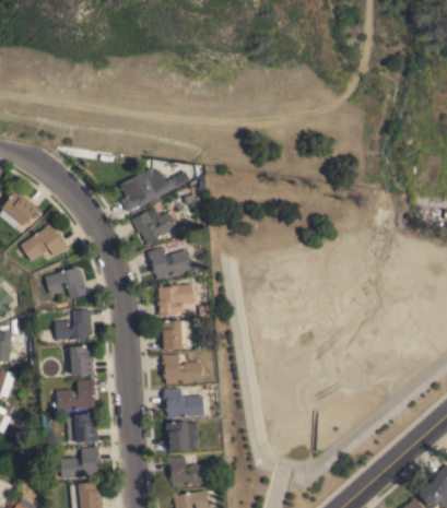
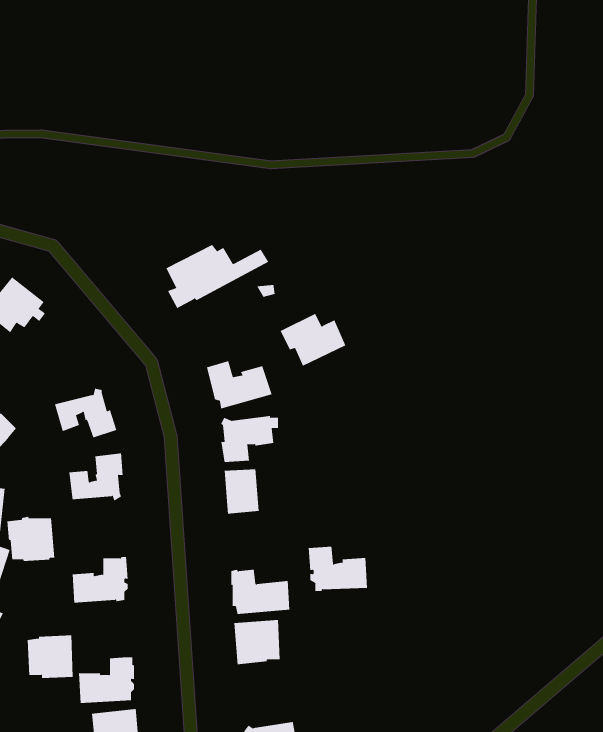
building: [131,208,176,244] -> [280,313,346,366]
building: [21,224,69,261] -> none
building: [61,345,94,376] -> [7,516,55,562]
building: [162,354,202,385] -> [308,546,368,591]
building: [67,414,98,444] -> [27,635,74,679]
building: [168,457,209,486] -> none

